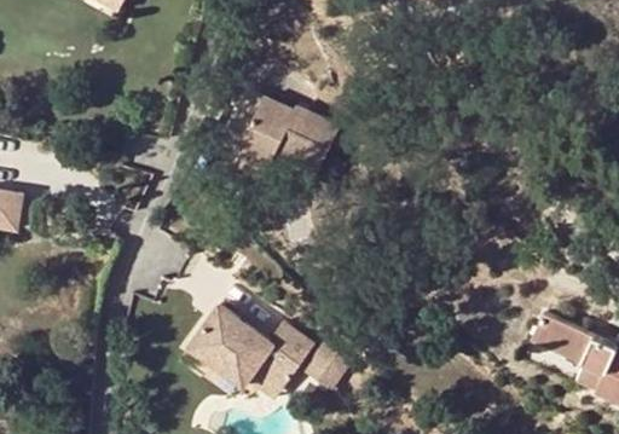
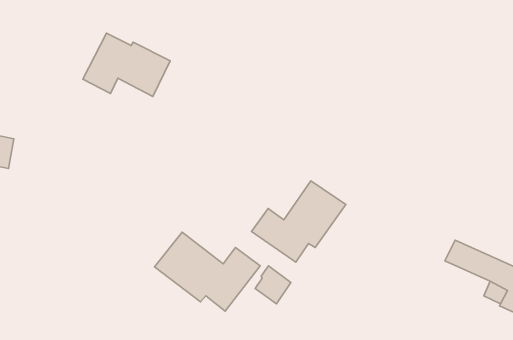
building: [237,94,340,169] -> [83,33,170,97]
building: none -> [252,181,346,262]

